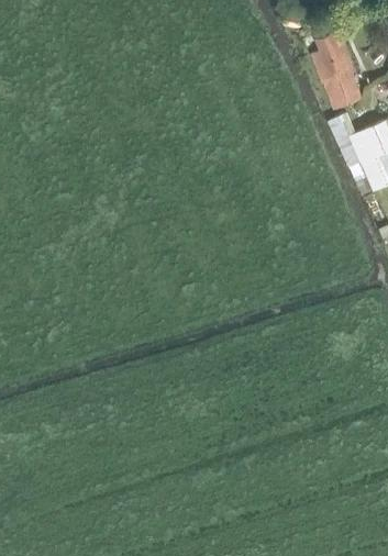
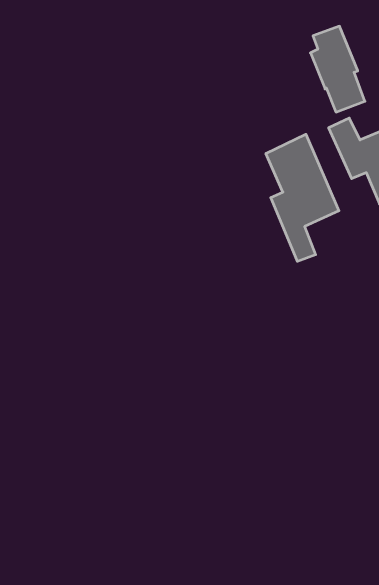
building: none -> [266,134,339,261]

